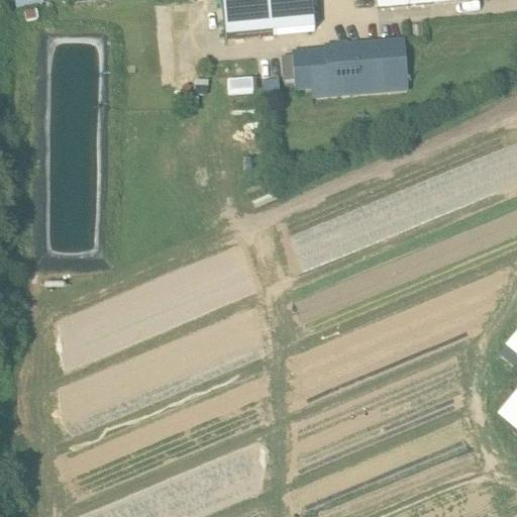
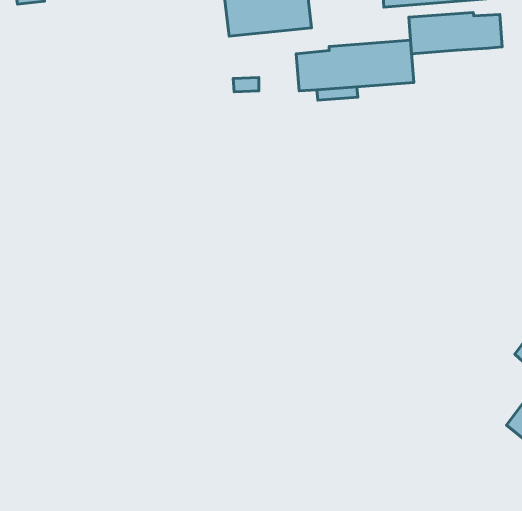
building: none -> [409,12,502,54]

